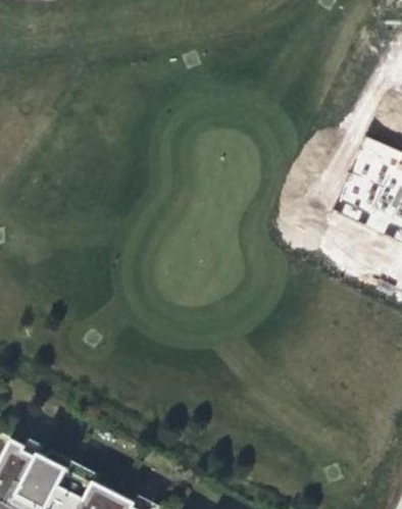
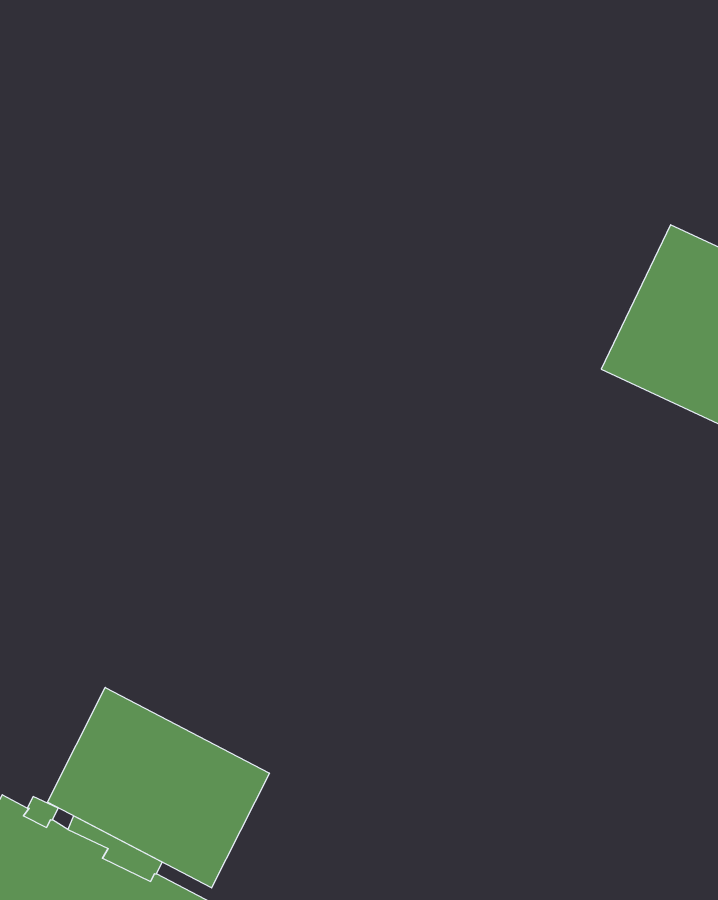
building: none -> [47,687,269,888]

